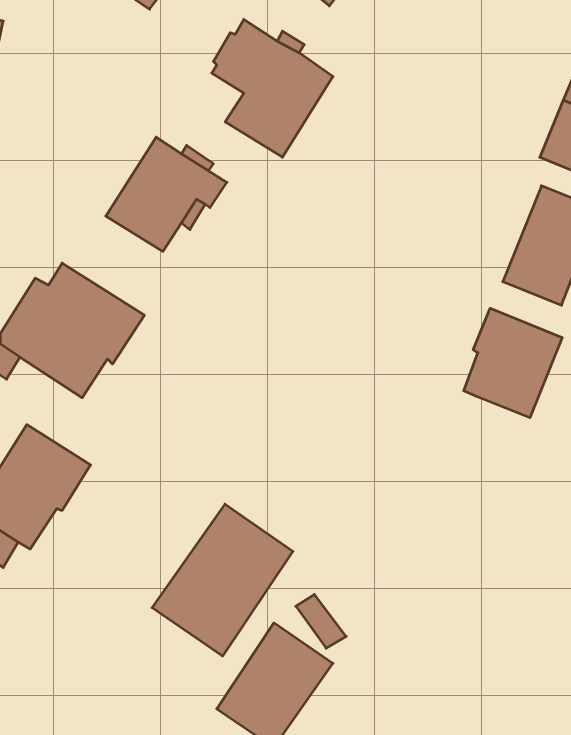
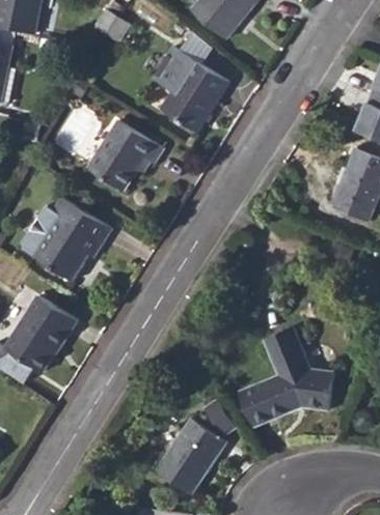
building: [464,308,562,418] -> none
building: none -> [240,328,333,425]
building: [152,504,293,656] -> none

